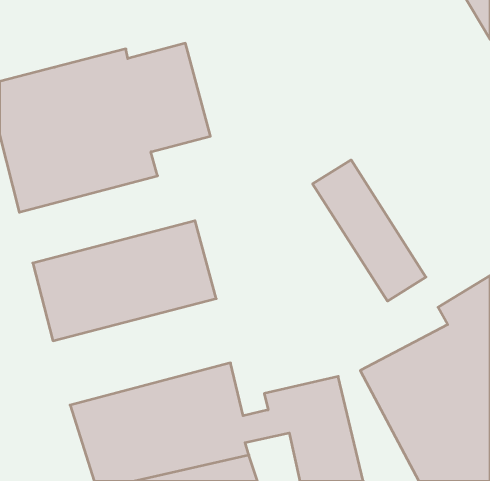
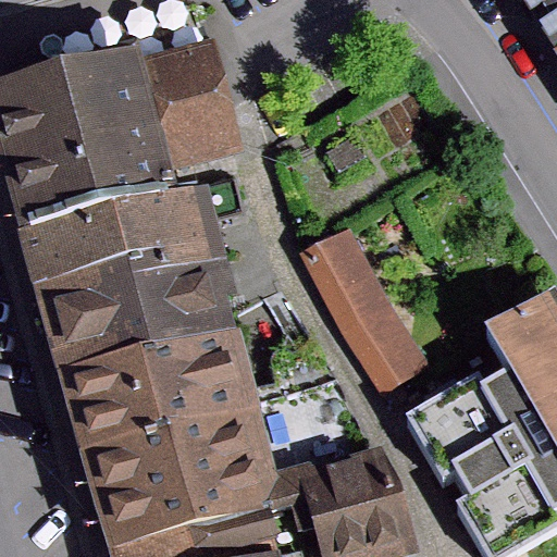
building: [313,160,426,301] -> [307,233,435,393]
building: none -> [22,193,221,298]
building: none -> [60,338,261,459]

